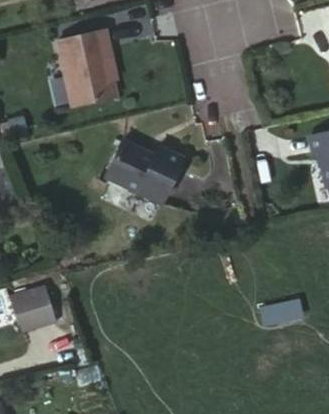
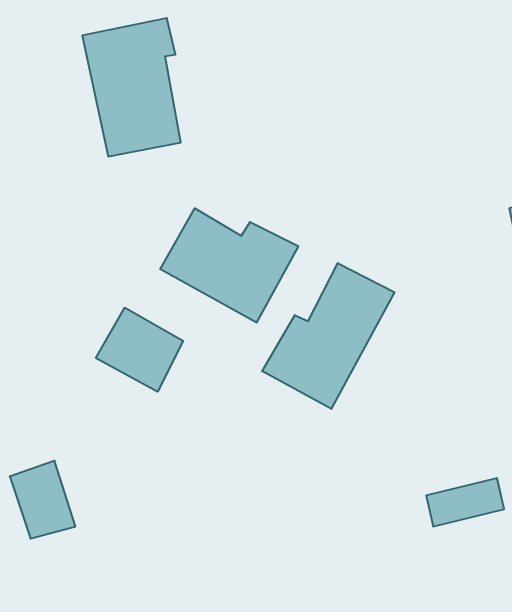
building: none -> [262,263,394,409]
building: none -> [96,308,183,392]

